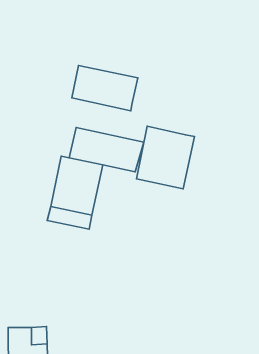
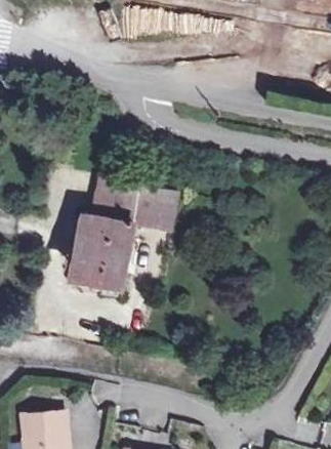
building: [72,65,138,111] -> none
building: [136,126,195,189] -> none

